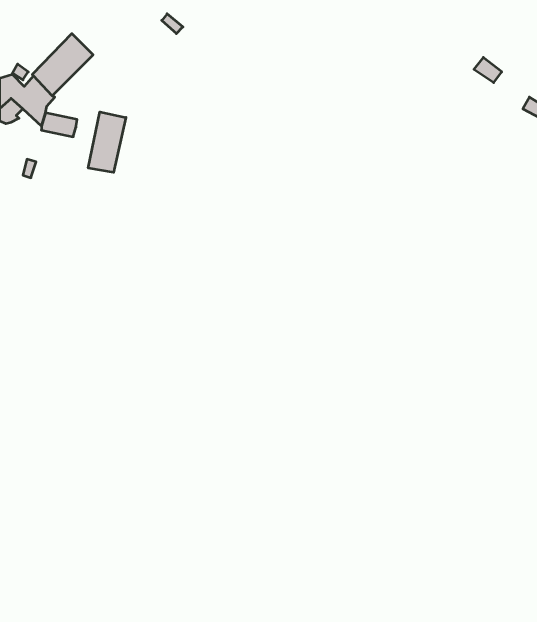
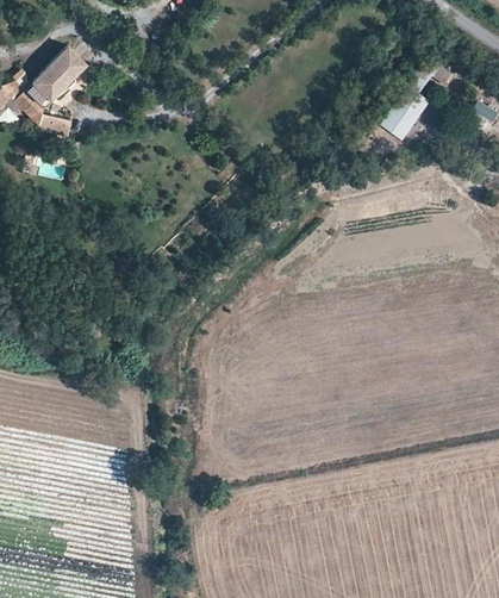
building: none -> [381,88,431,142]
building: [88,112,126,172] -> none

